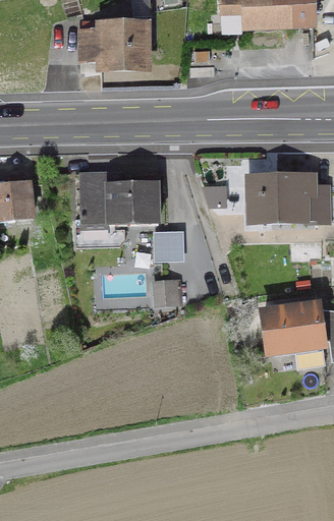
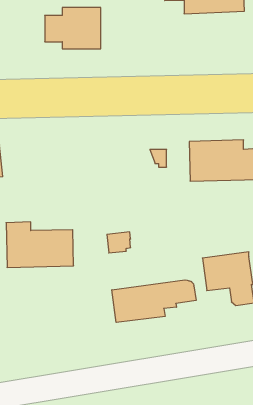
building: [79,172,158,225] -> [6,222,74,267]
building: [161,230,188,259] -> none
building: none -> [112,280,196,322]

